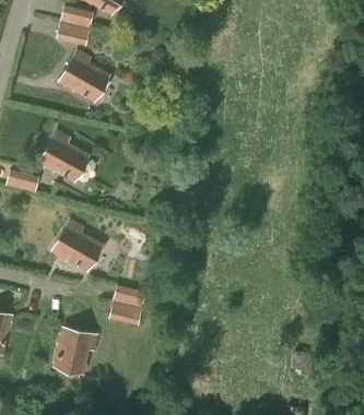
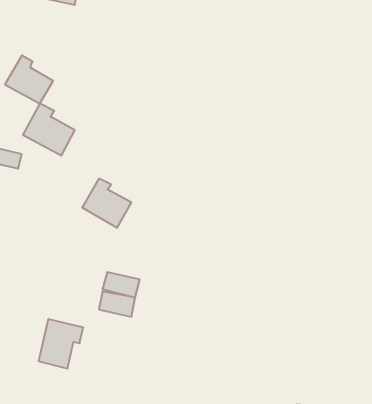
building: [61,54,105,97] -> [5,55,53,104]
building: [54,223,98,268] -> [82,179,131,228]

